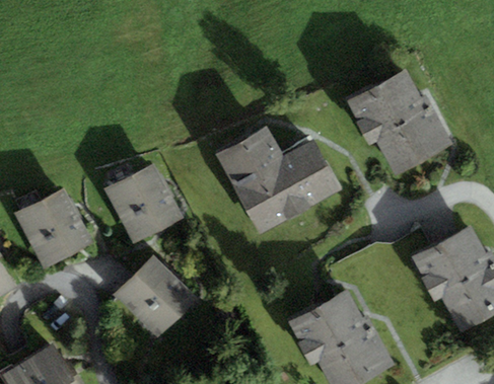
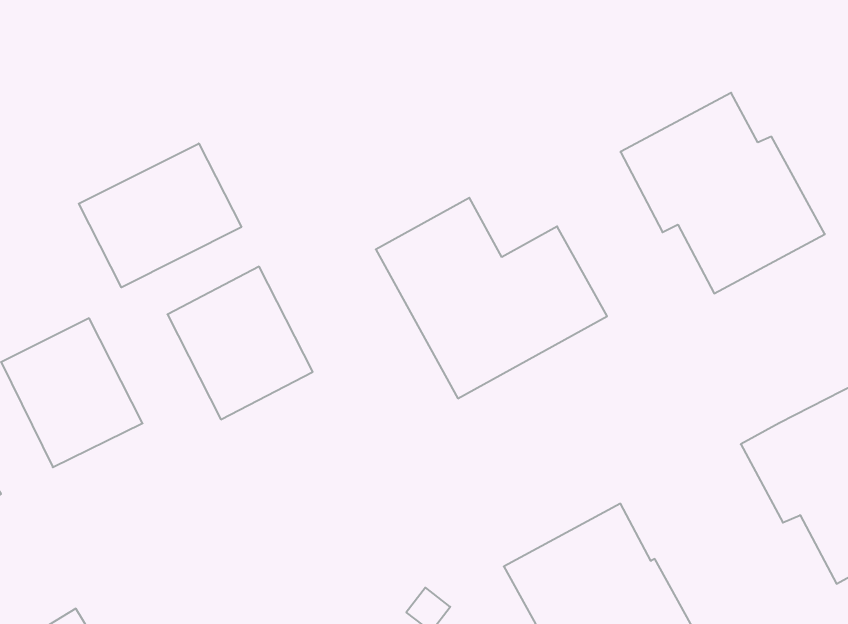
building: none -> [79,143,241,287]
building: [114,257,197,339] -> none

